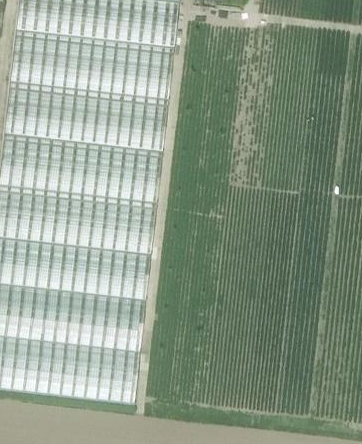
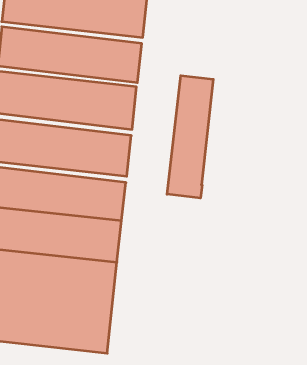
building: none -> [167,76,213,198]

